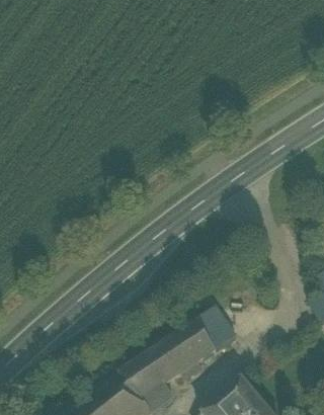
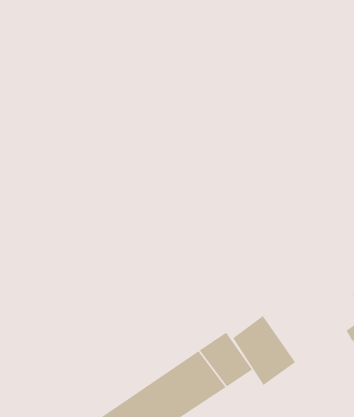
building: none -> [232,315,296,386]

